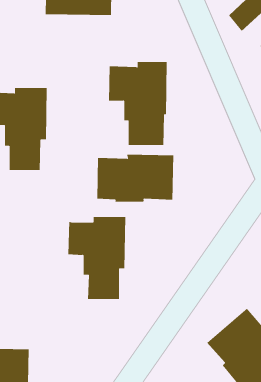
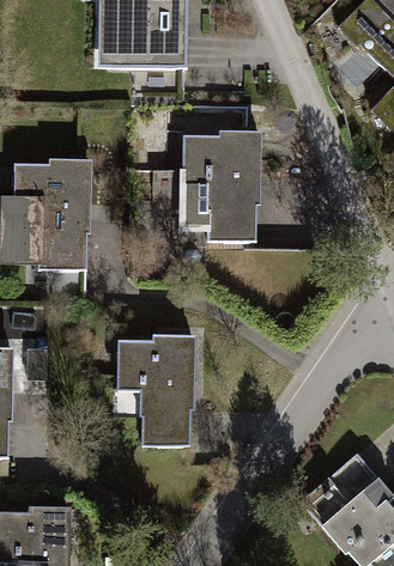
building: [97,154,174,202] -> none

